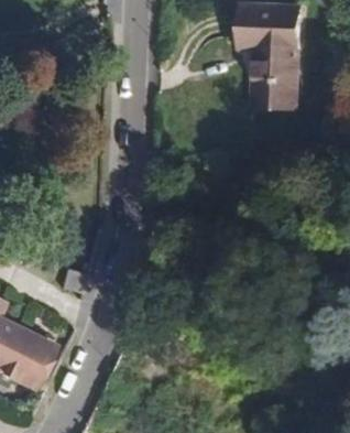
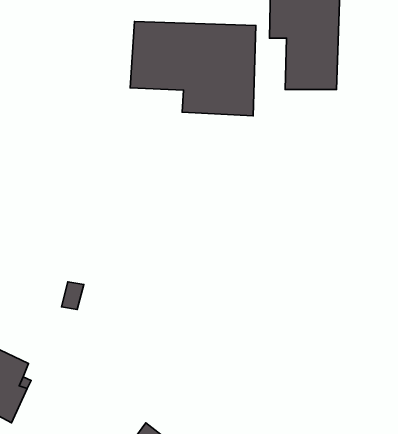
building: none -> [130,21,256,116]

